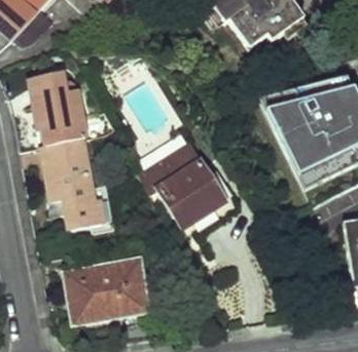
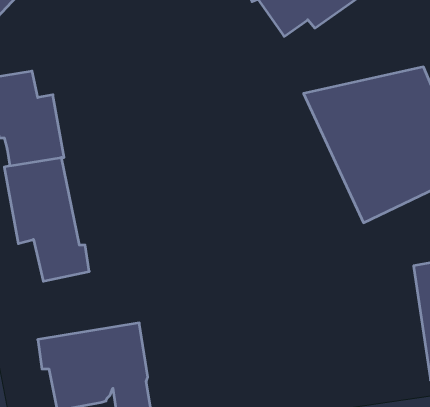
building: [138,140,230,234] -> none

